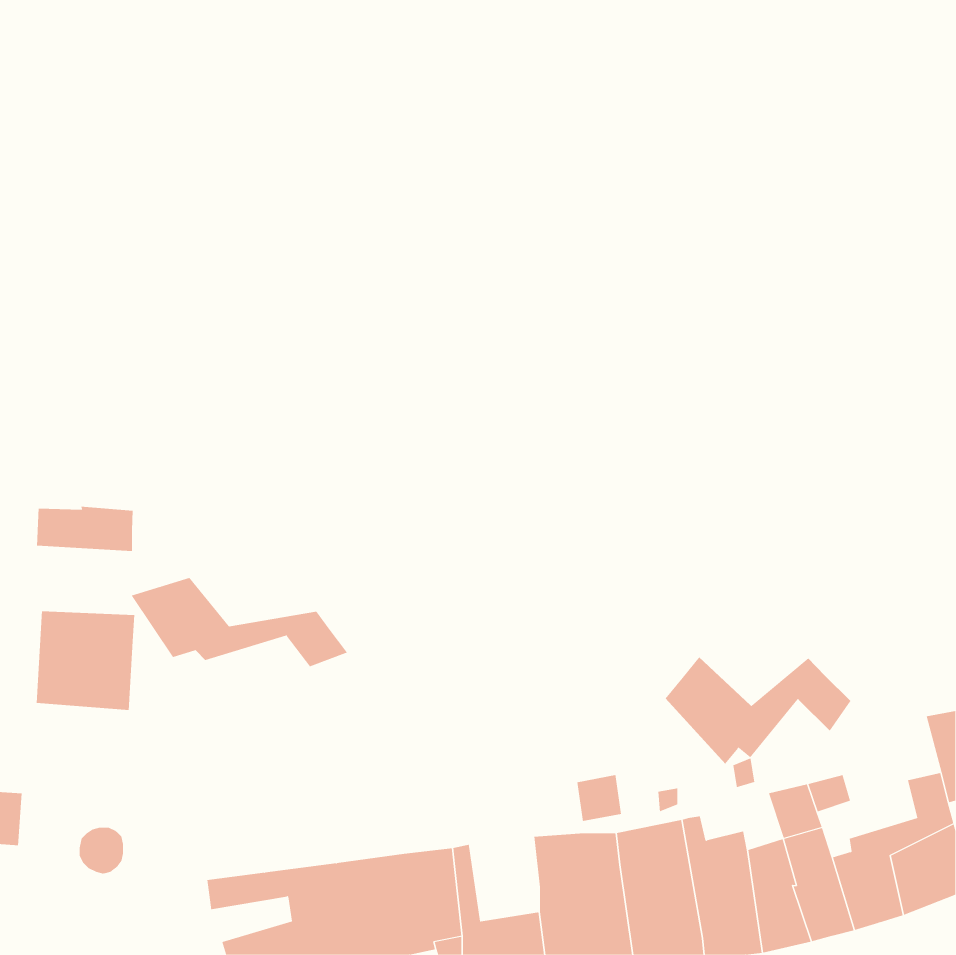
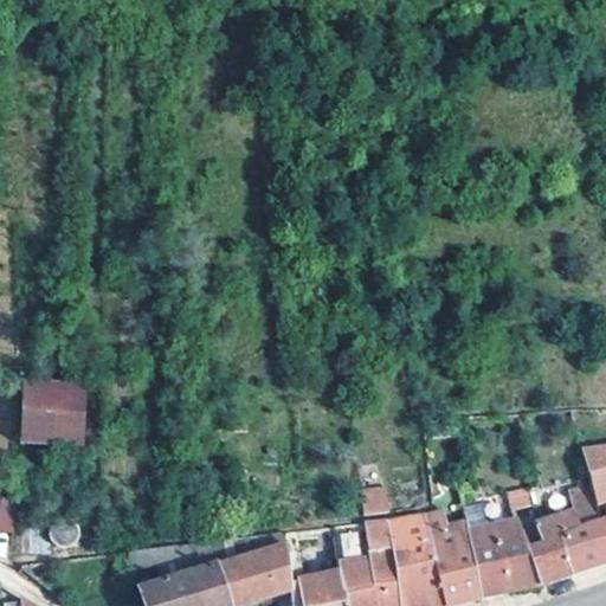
building: [37,506,133,552] -> none
building: [131,577,348,667] -> none
building: [665,657,851,765] -> none

